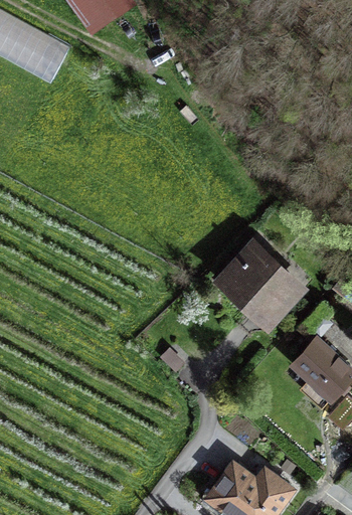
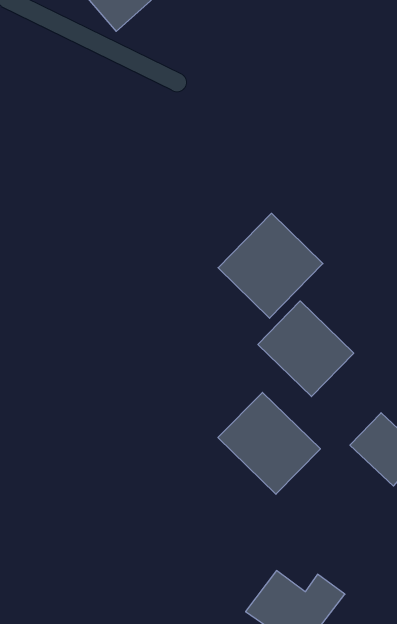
building: none -> [218,213,323,318]
building: none -> [218,392,320,494]

